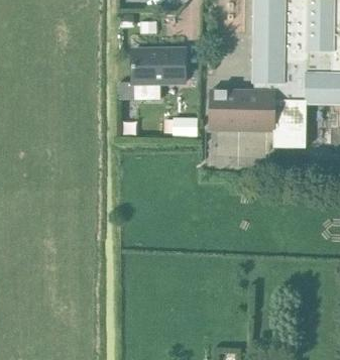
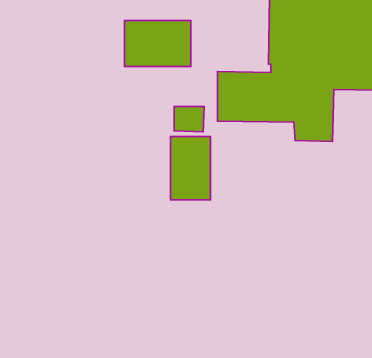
building: none -> [170,137,210,200]

